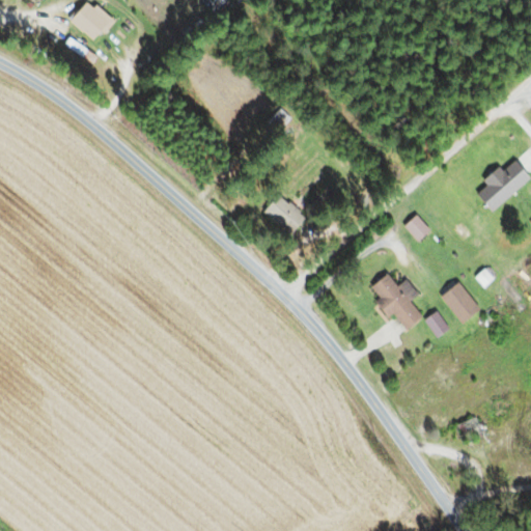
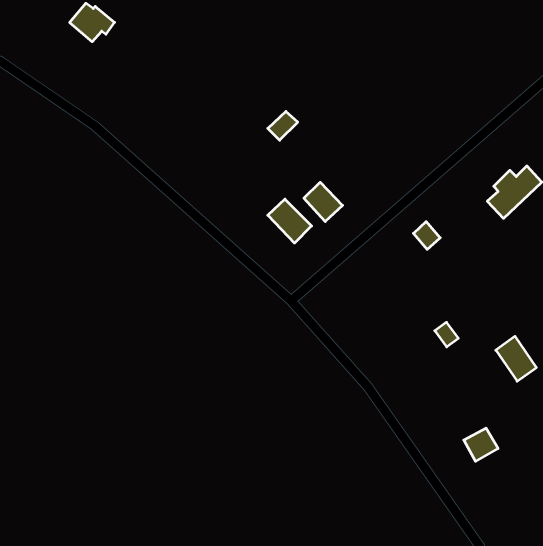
building: none -> [304,182,343,222]
building: [370,274,422,331] -> none
building: [441,281,480,325] -> [496,336,536,381]

